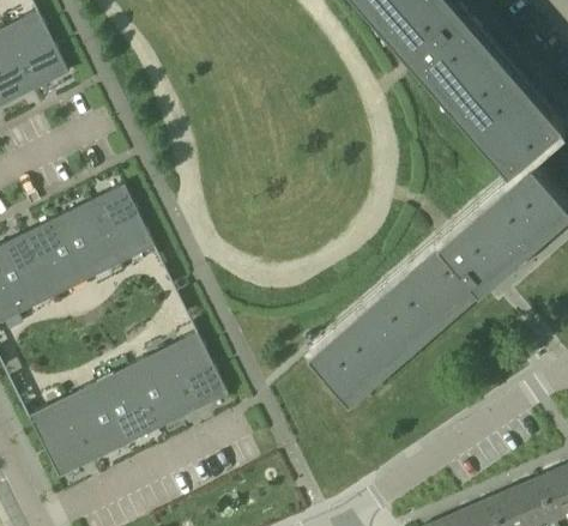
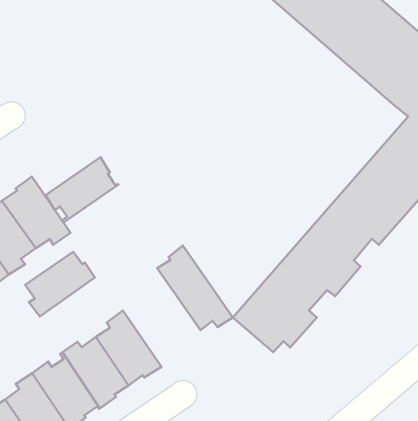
building: none -> [45,157,119,222]
building: none -> [25,252,95,316]
building: none -> [157,246,233,330]

